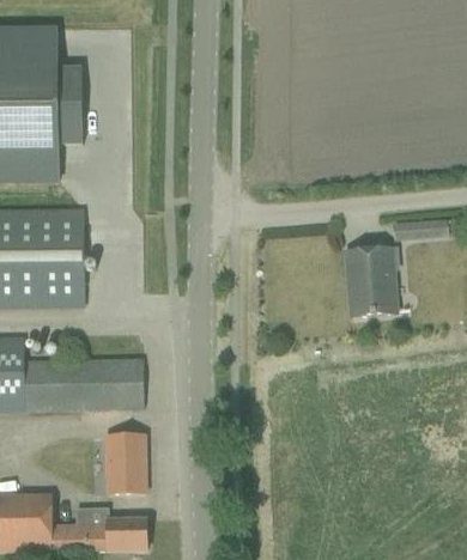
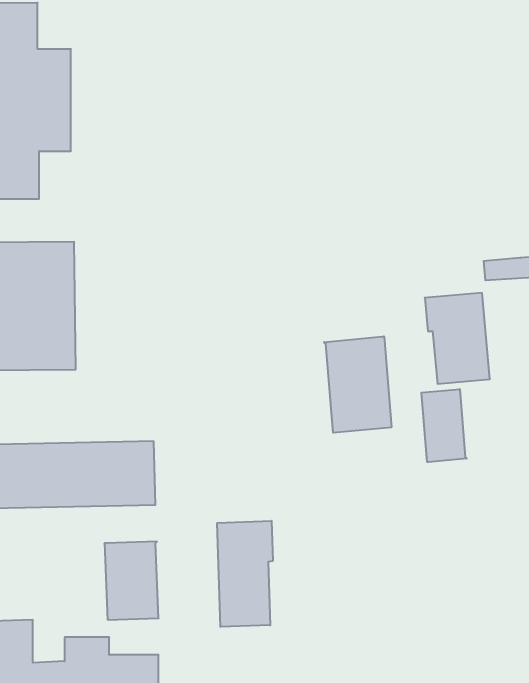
building: none -> [324,336,391,433]
building: none -> [421,389,467,462]
building: none -> [217,521,273,627]

